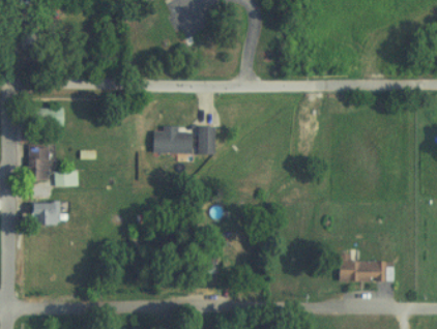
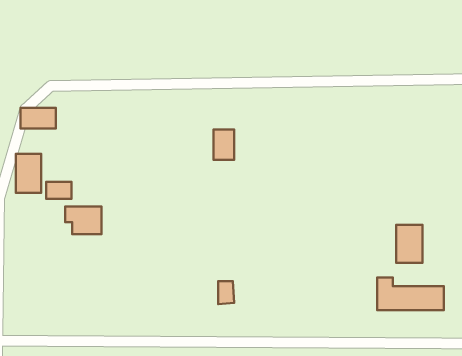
building: [153,127,193,153] -> none
building: [29,204,60,228] -> [65,206,101,234]
building: none -> [396,225,423,263]

